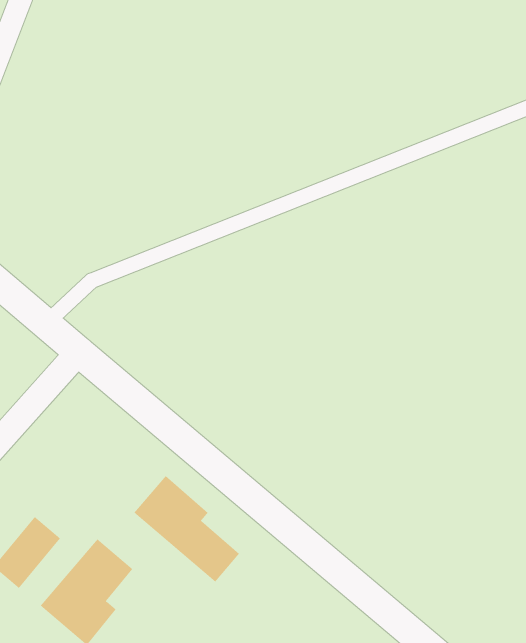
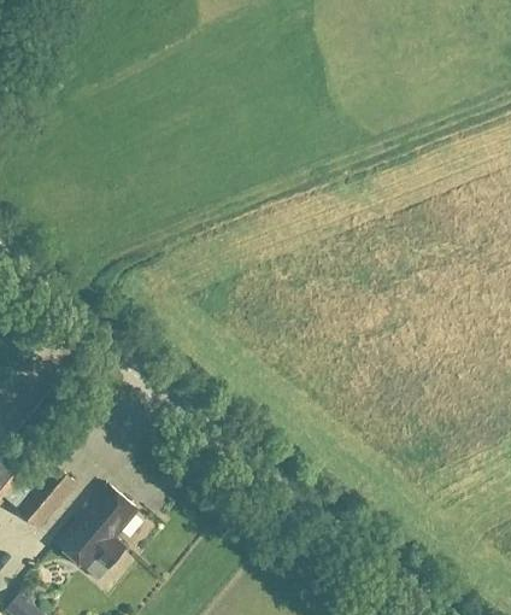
building: [134,475,240,582] -> none

